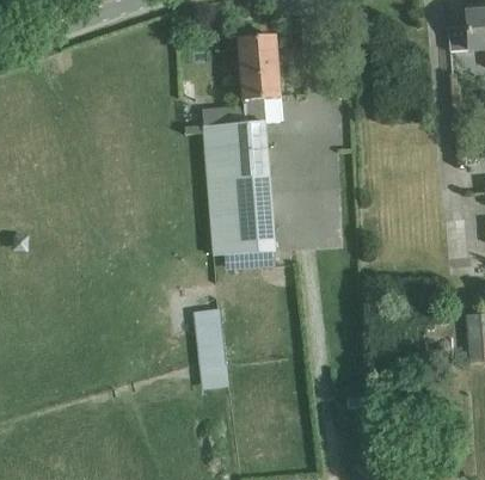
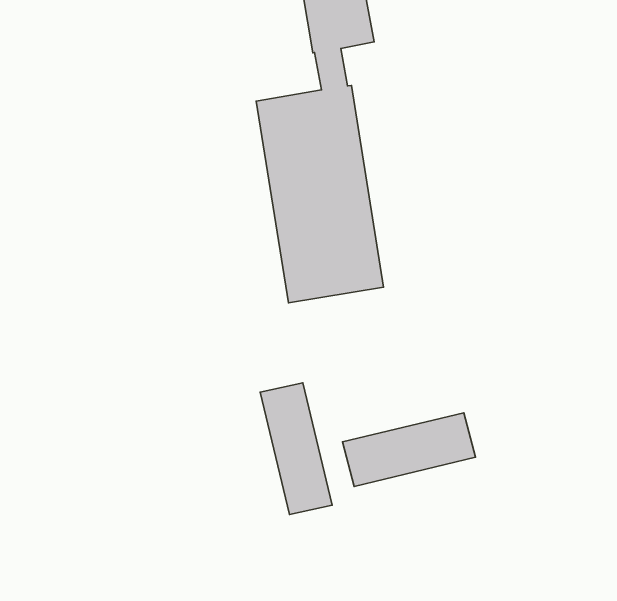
building: none -> [342,413,476,486]

